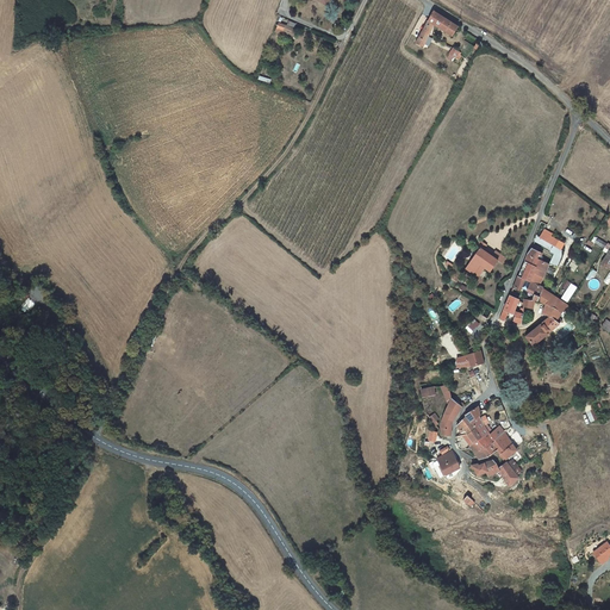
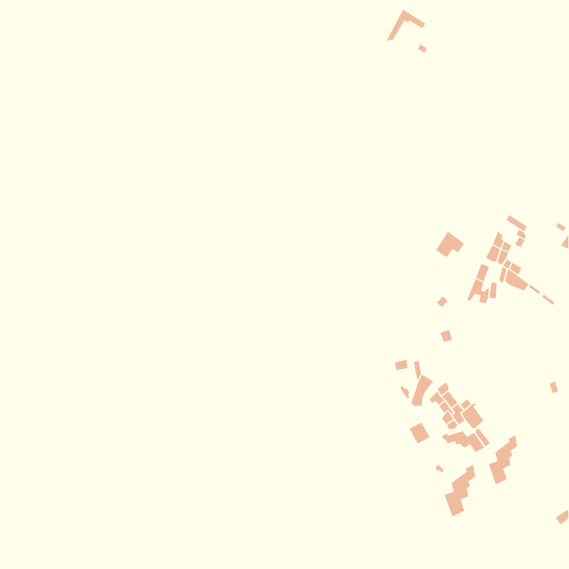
building: [527,305,562,347] -> none
building: none -> [488,435,518,485]
building: none -> [444,464,476,517]

